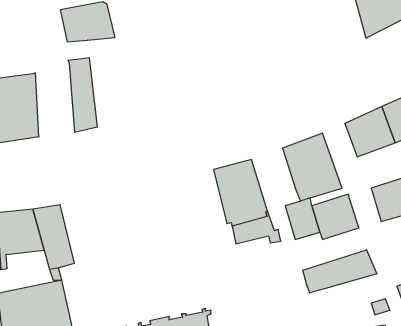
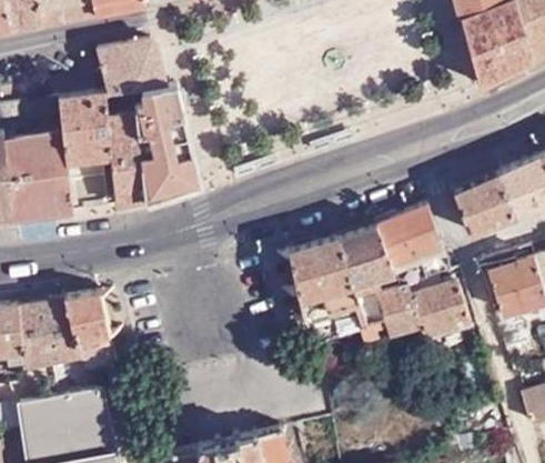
building: none -> [131,87,191,199]
building: none -> [63,97,114,211]
building: none -> [336,225,392,291]
building: [303,250,377,293] -> none

